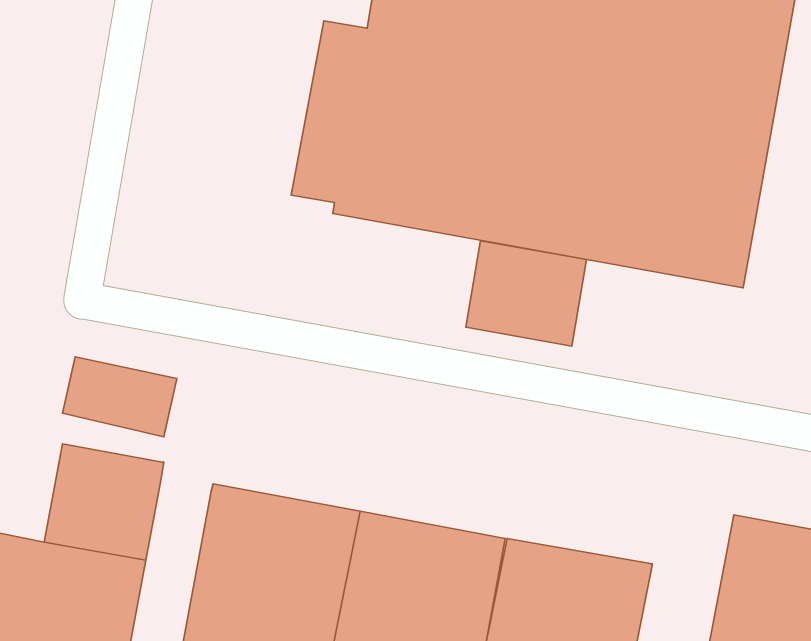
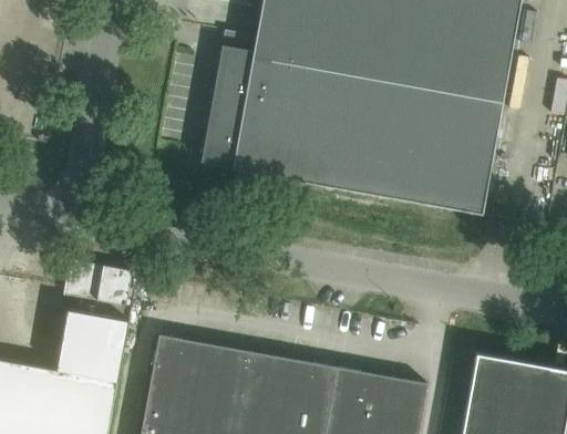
building: [466,240,587,346] -> none

